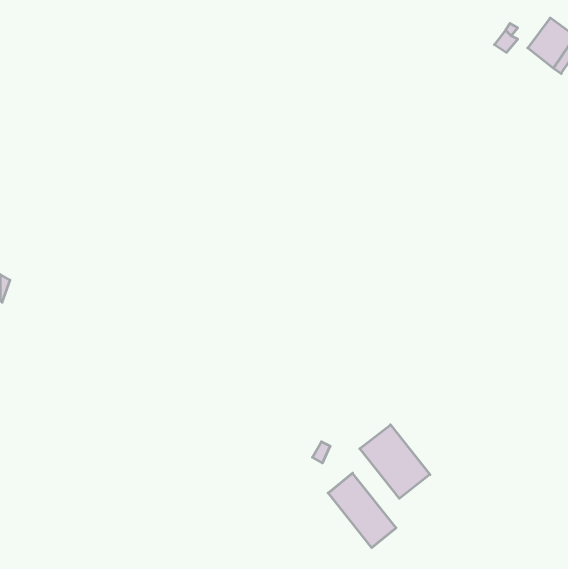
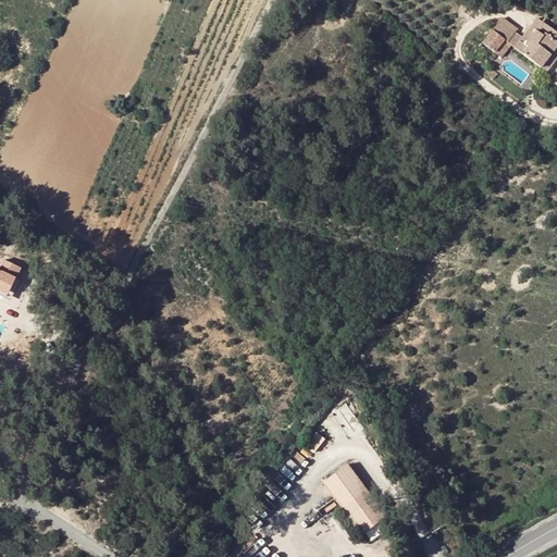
building: [360,425,430,498] -> none

